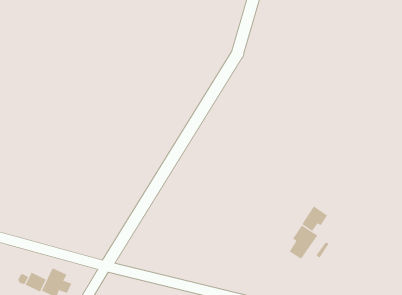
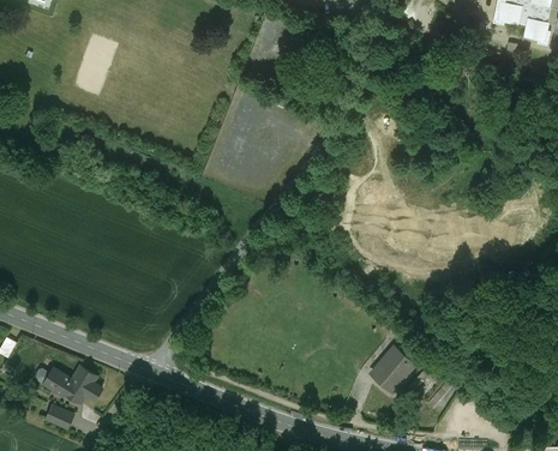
building: [301,206,328,232] -> none

